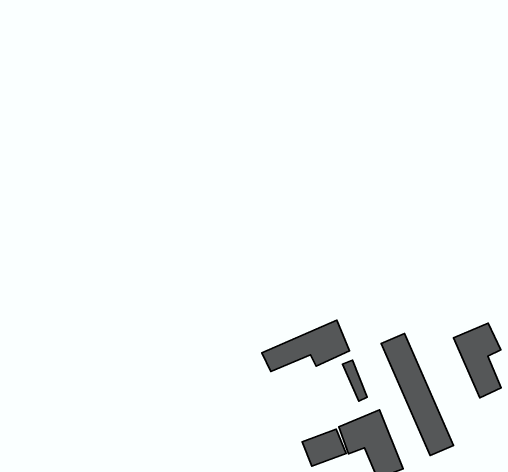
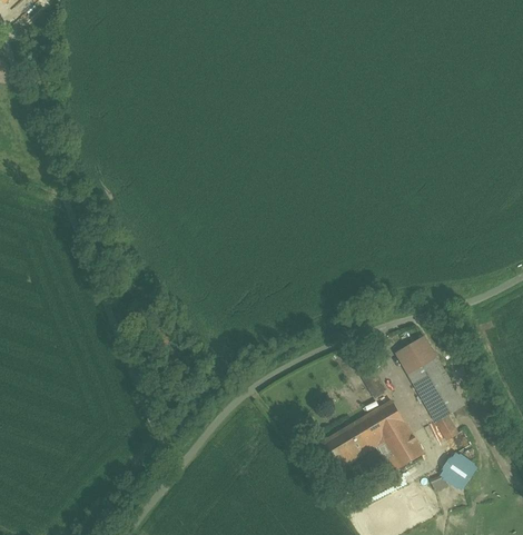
building: [262,320,350,372] -> none
building: [454,323,501,398] -> none

